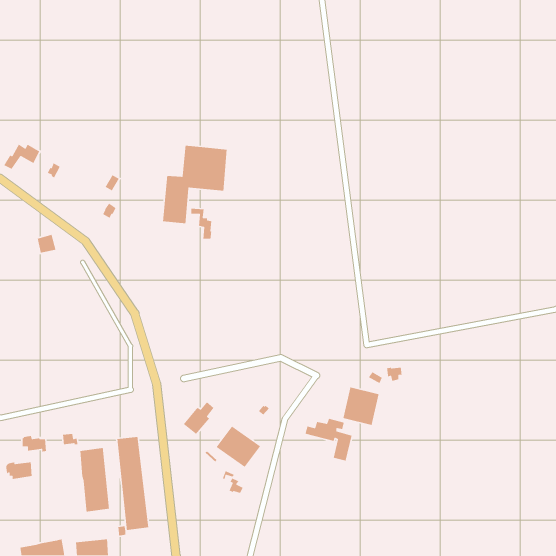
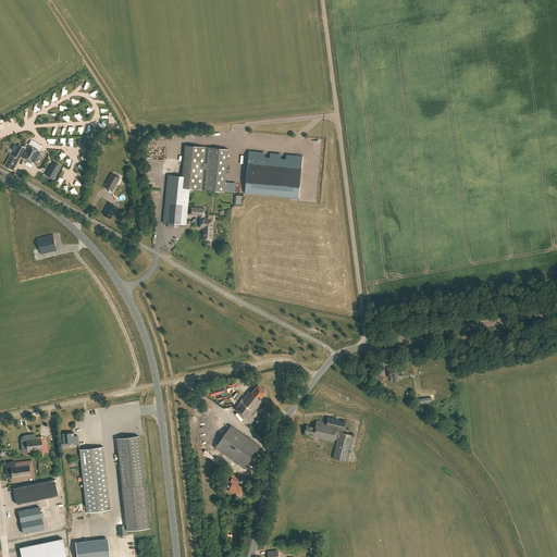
building: none -> [245,156,302,194]
building: [343,386,379,426] -> none
building: [183,401,215,435] -> [234,385,265,419]
building: none -> [13,480,58,504]
building: none -> [17,507,44,533]

